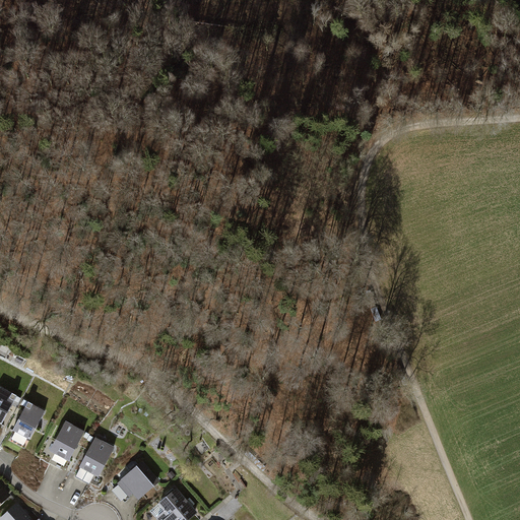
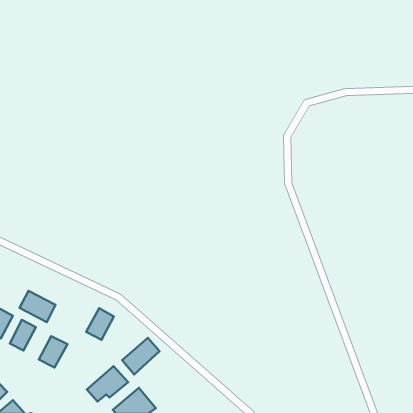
building: none -> [20,291,56,322]
building: none -> [122,338,160,374]
building: [78,438,113,477] -> [86,308,114,340]

